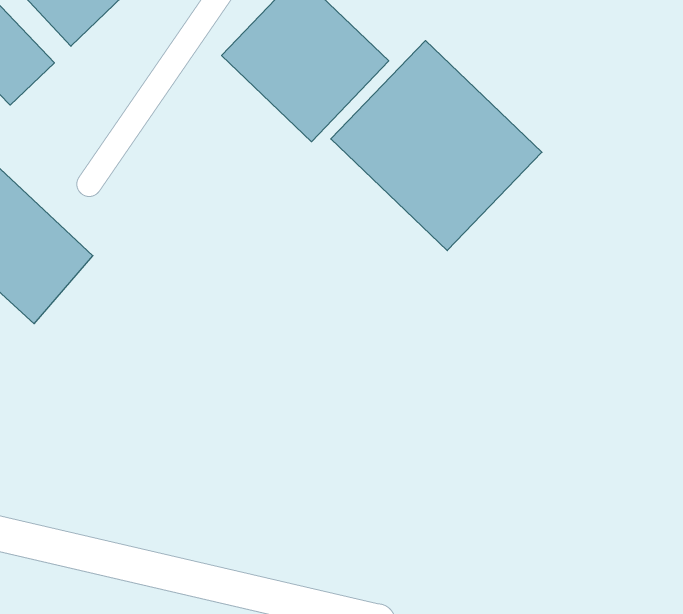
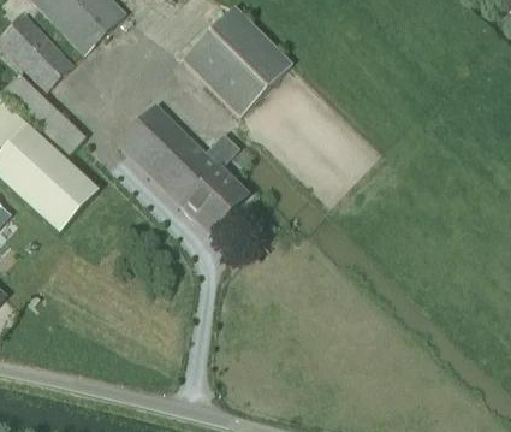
building: [331,41,542,251] -> none
building: none -> [118,103,248,232]

